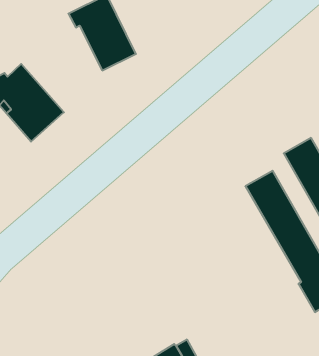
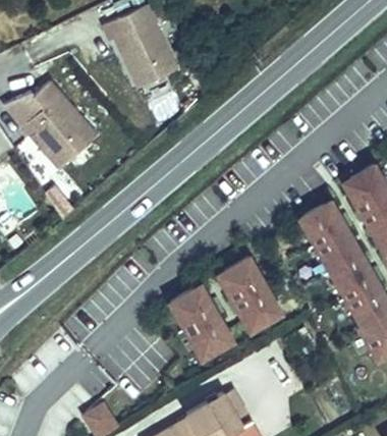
building: none -> [218,258,281,330]
building: none -> [169,285,232,359]

